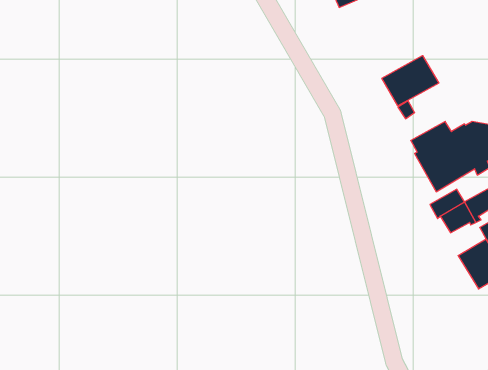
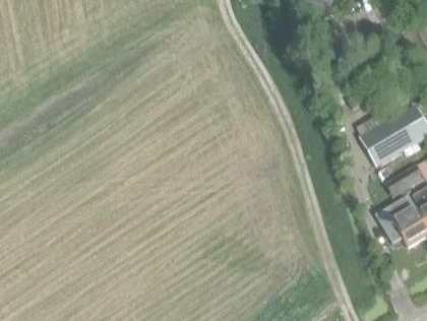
building: [382,56,439,106] -> none

